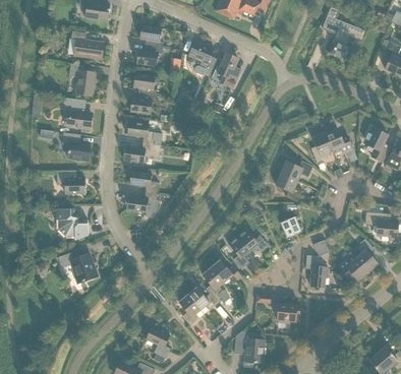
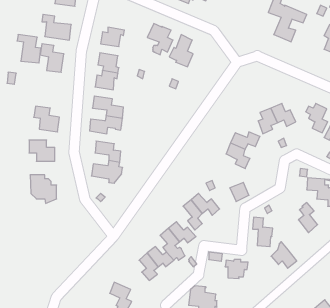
building: [140,25,163,48] -> none
building: [64,98,91,129] -> [17,35,41,63]
building: [339,251,367,280] -> [271,242,297,268]
building: [58,252,98,283] -> none

